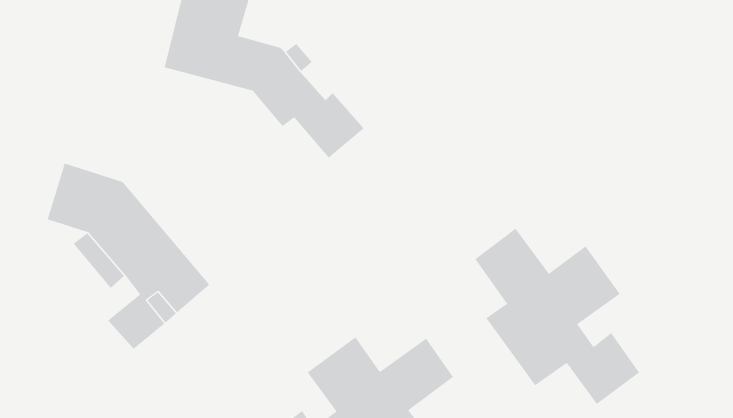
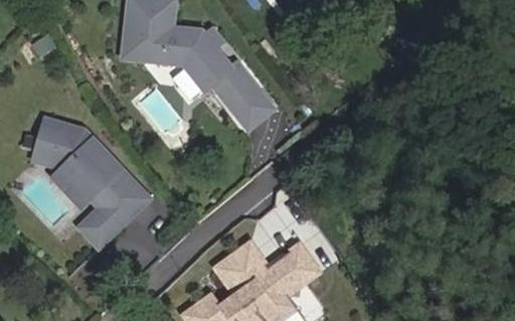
building: none -> [231,95,273,135]
building: [474,228,640,405] -> none

